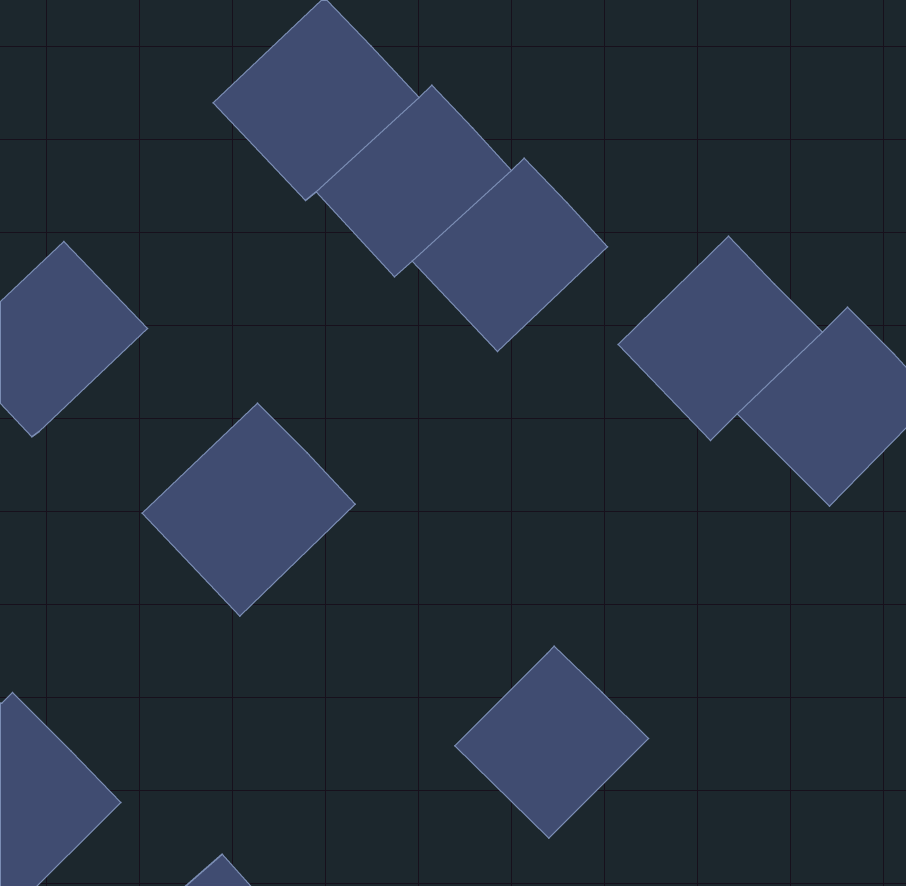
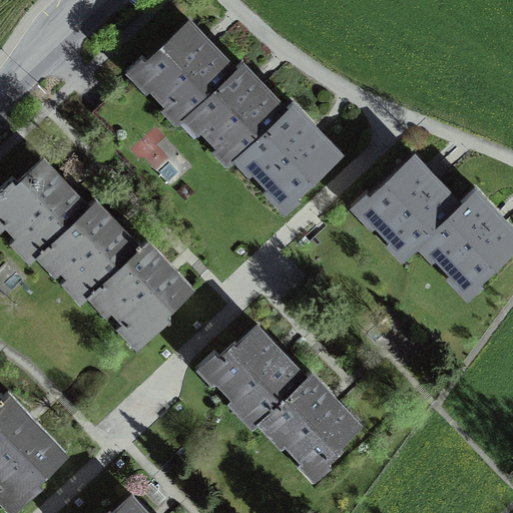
building: none -> [23,186,146,309]
building: none -> [194,323,310,437]

